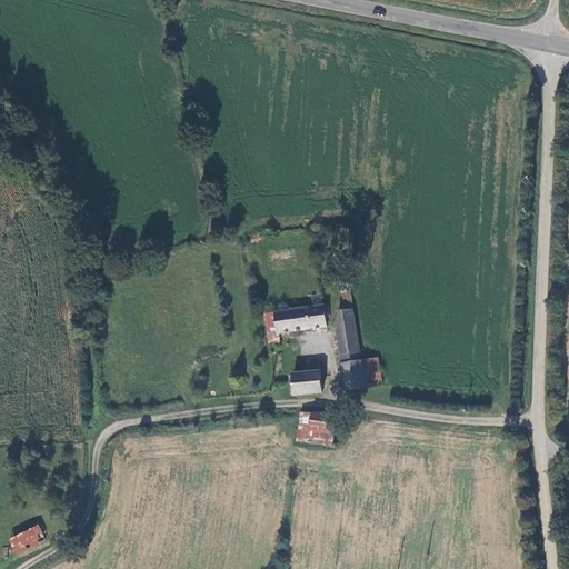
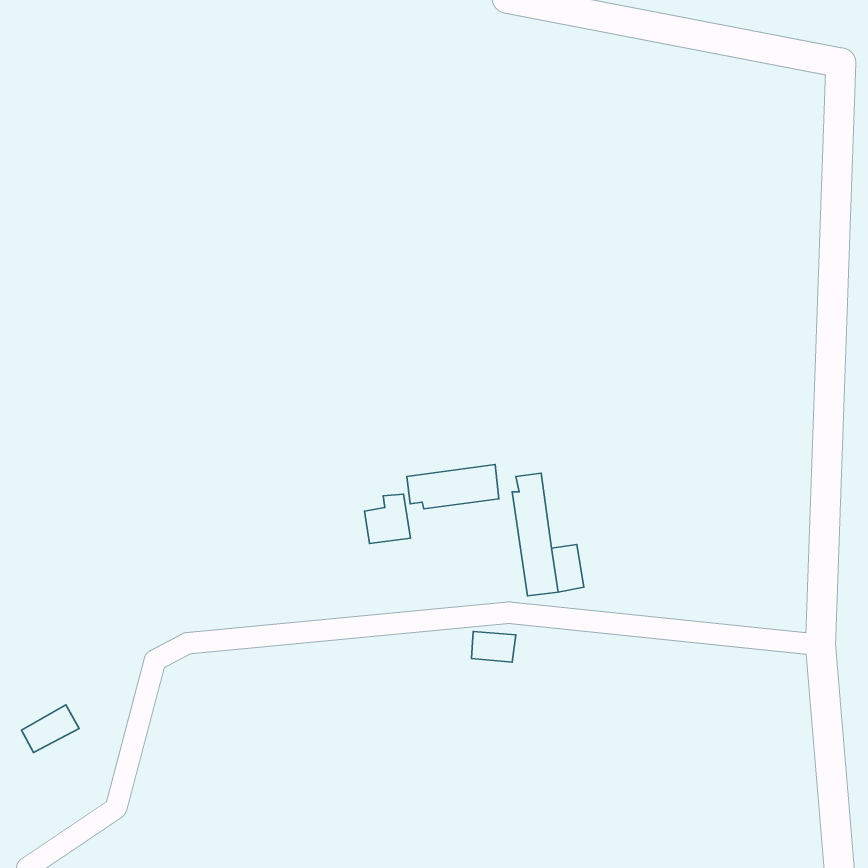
building: [291,362,321,395] -> [364,494,410,543]
building: [7,522,44,553] -> [21,705,79,752]

